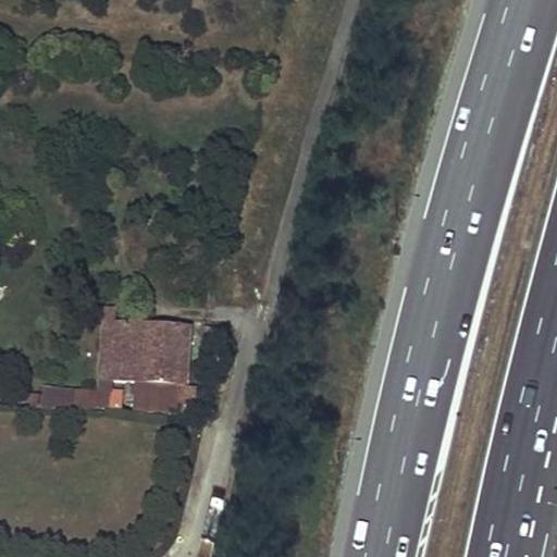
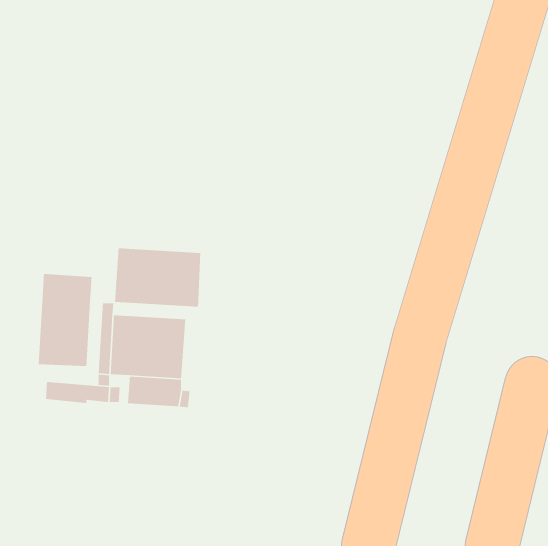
building: none -> [114,248,201,308]
building: none -> [38,273,92,367]

